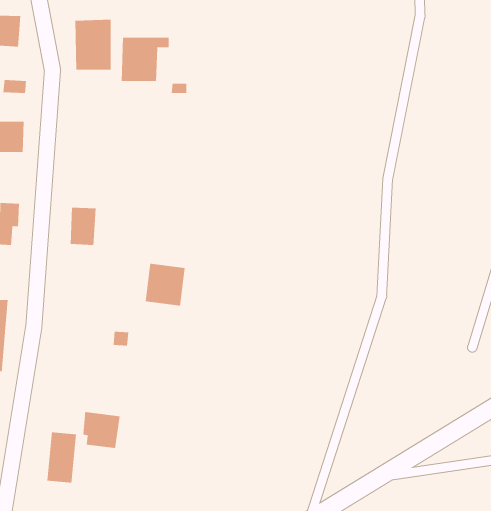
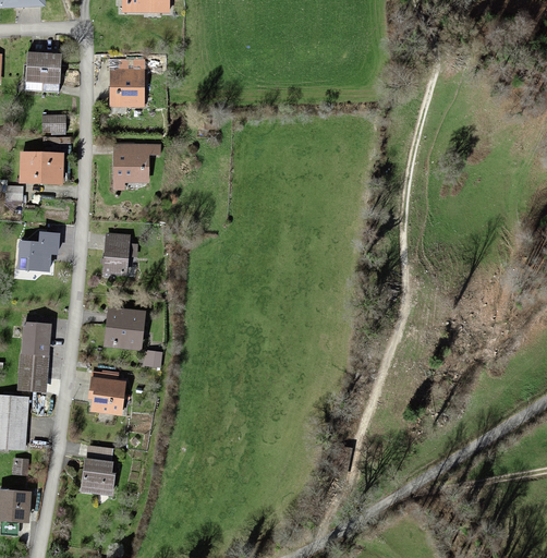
building: [121,37,170,81] -> [113,145,159,186]
building: [145,263,185,306] -> [107,308,145,349]
building: [82,411,121,448] -> [88,378,124,413]

